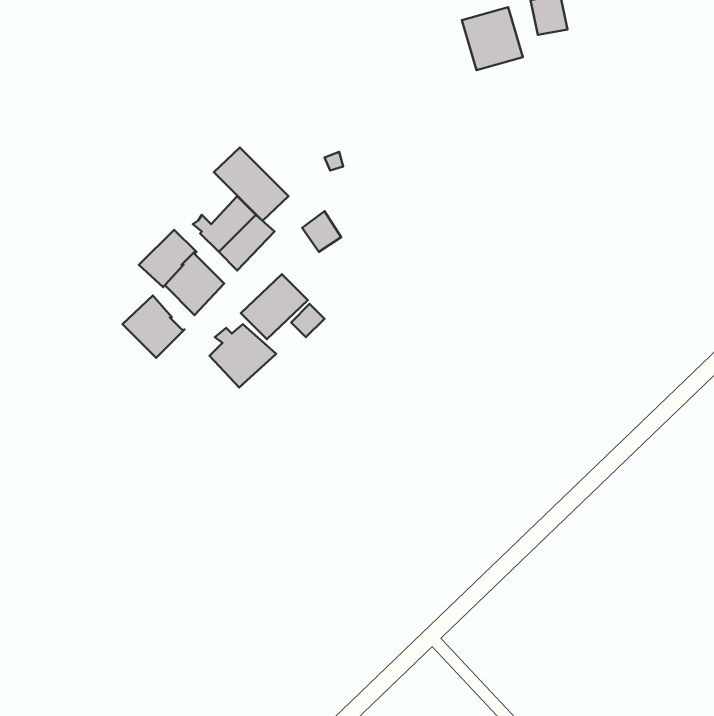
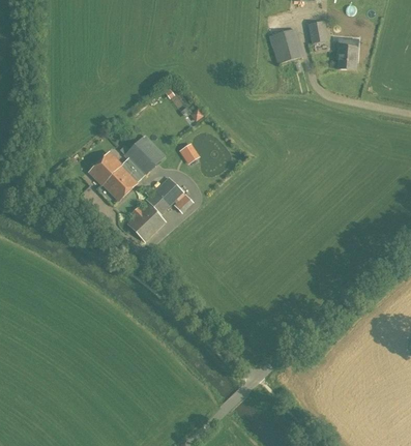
building: none -> [336,44,357,69]
building: [214,147,289,221] -> none
building: [123,296,184,358] -> none

